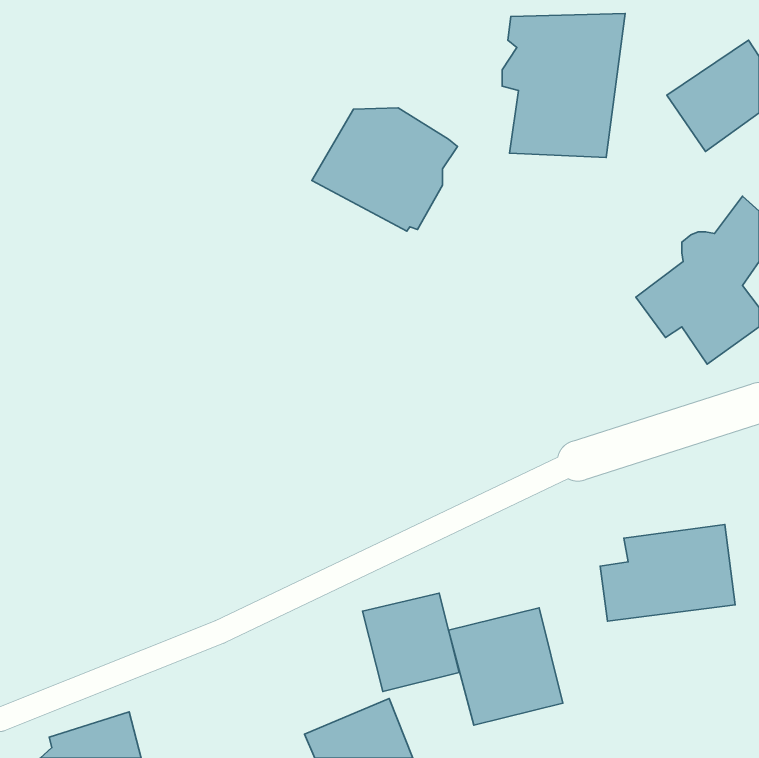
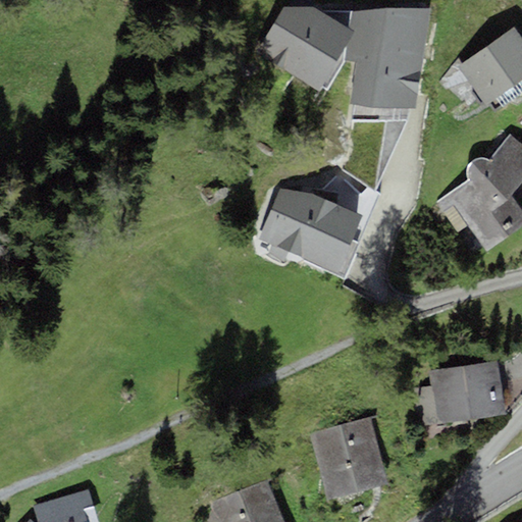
building: [312,108,457,231] -> [255,6,355,91]
building: none -> [258,188,362,278]
building: [362,593,459,691] -> none

